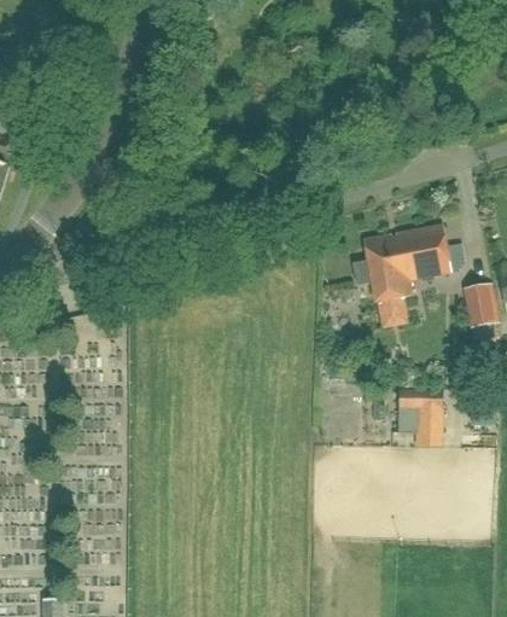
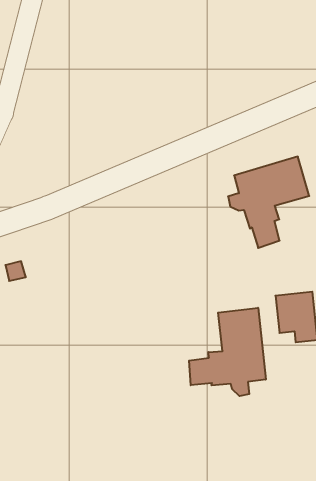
building: none -> [189,308,266,396]

